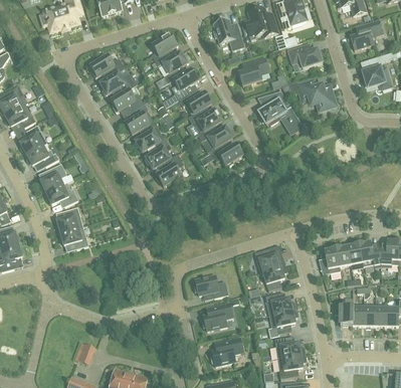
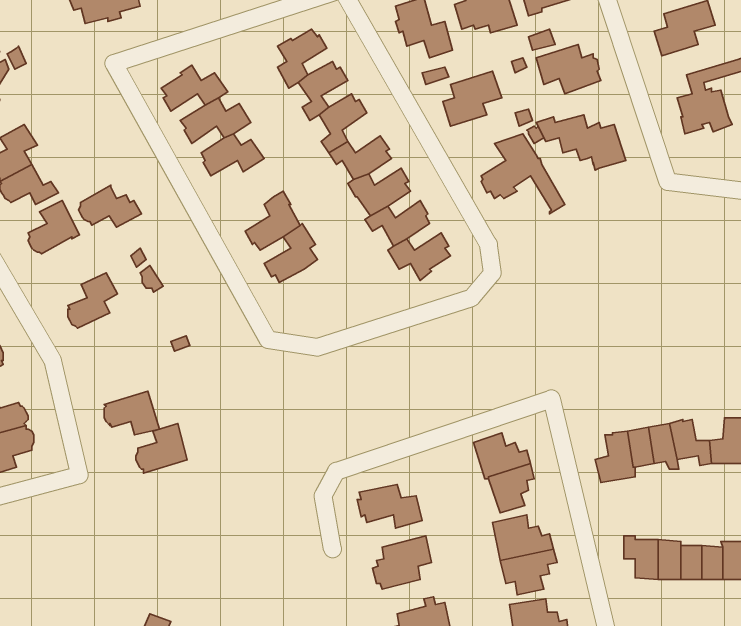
building: [123,103,149,134] -> none
building: [25,144,58,166] -> [79,185,141,227]
building: [155,153,183,185] -> none
building: [45,182,77,205] -> none
building: [55,206,82,232] -> [136,424,187,473]

